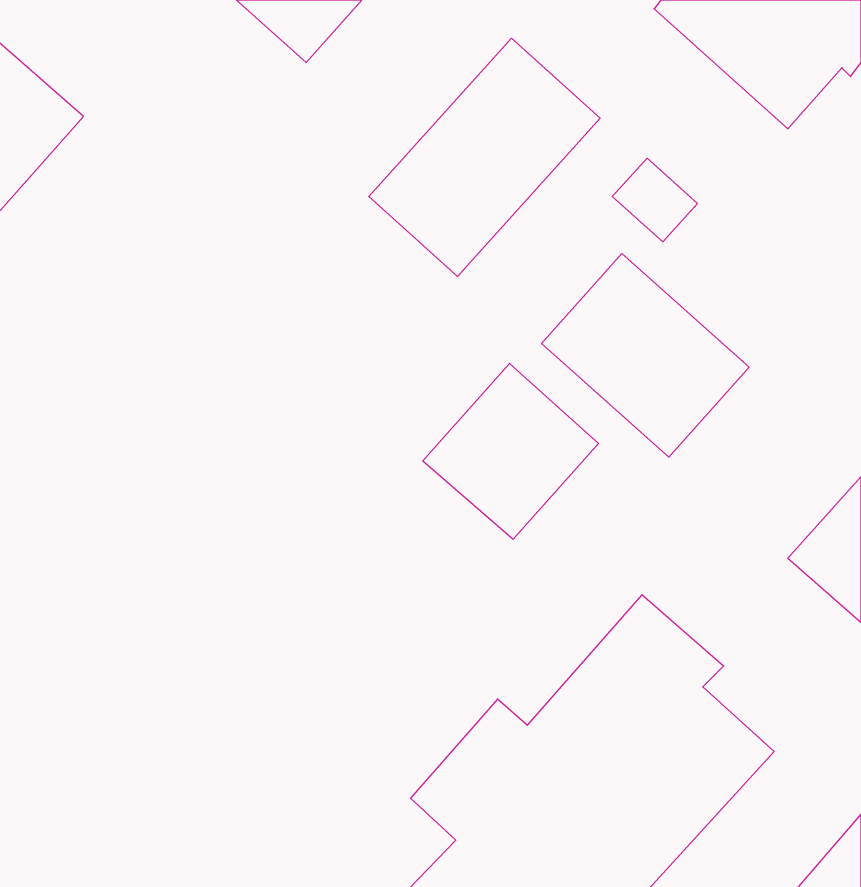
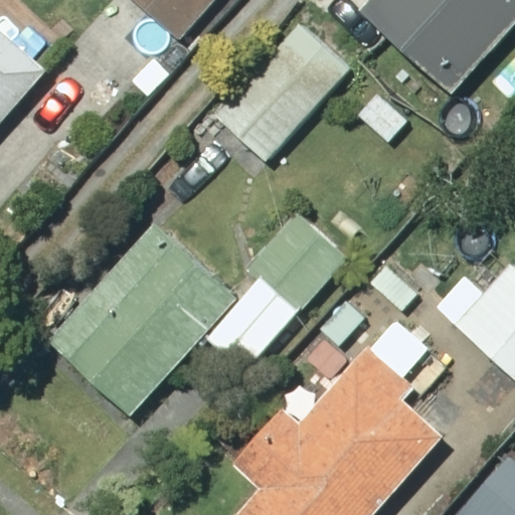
building: [542,254,749,457] -> none
building: none -> [51,222,242,414]

